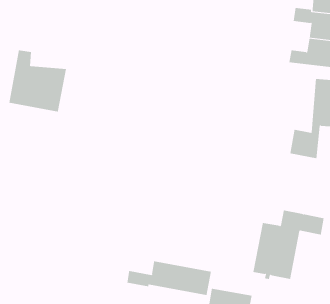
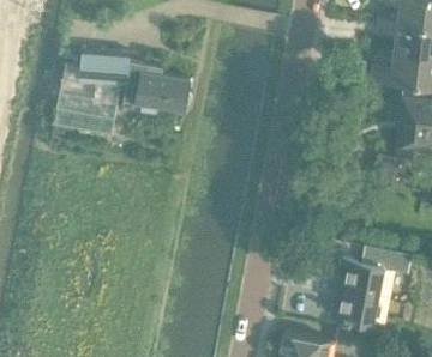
building: none -> [80,52,191,113]
building: [127,260,211,296] -> none

